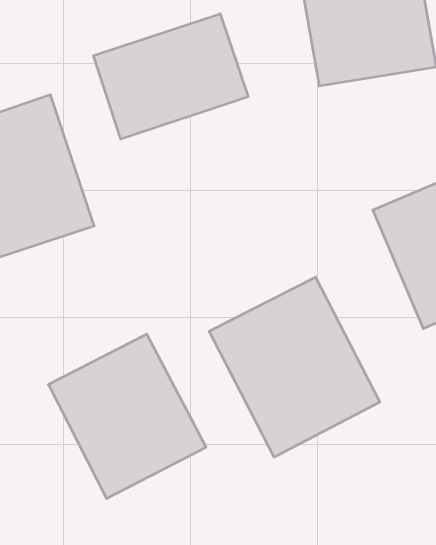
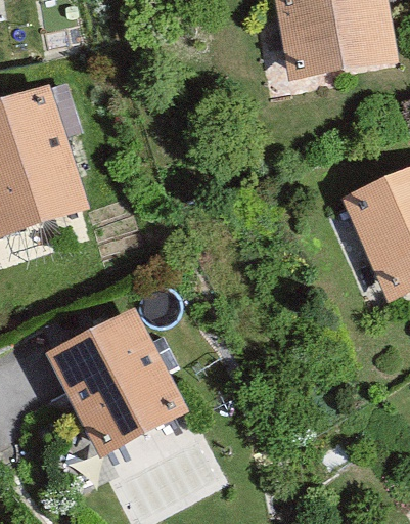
building: [94,14,248,139] -> none
building: [209,277,380,457] -> none

